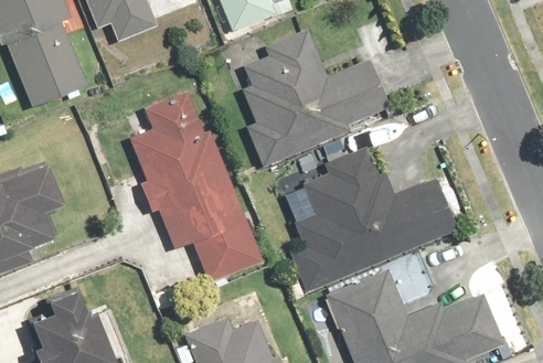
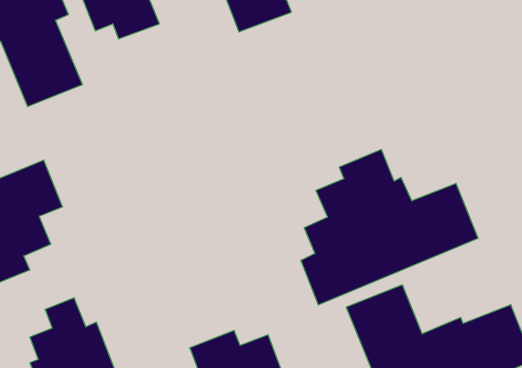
building: [241,26,393,168] -> none
building: [129,88,265,282] -> none

